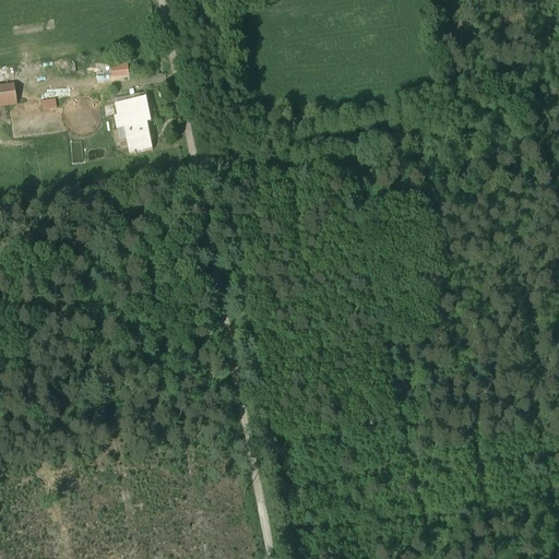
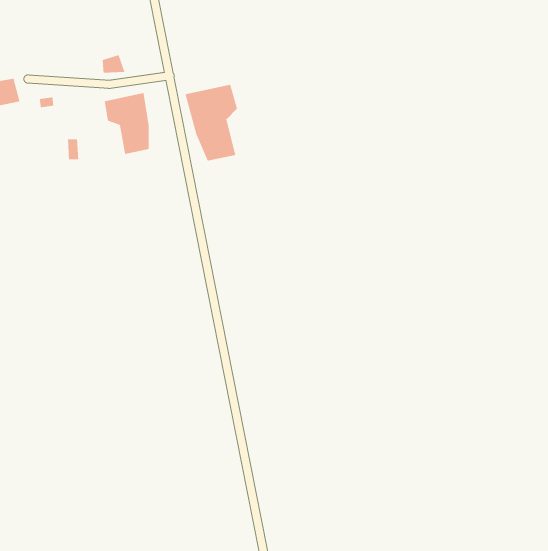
building: none -> [185,84,238,162]

